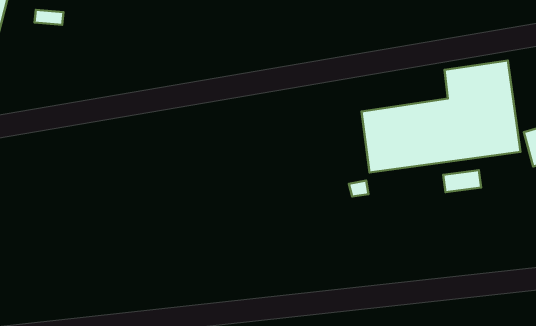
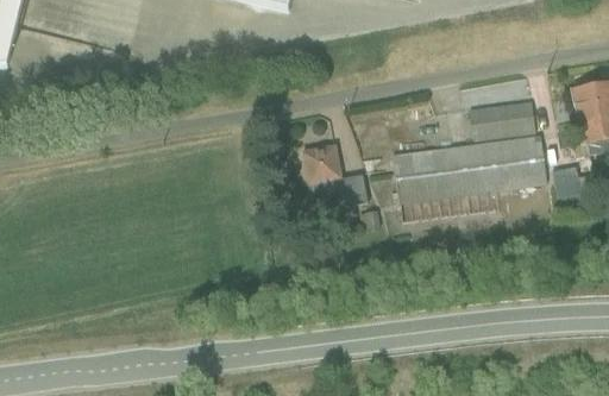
building: none -> [300,146,366,207]

